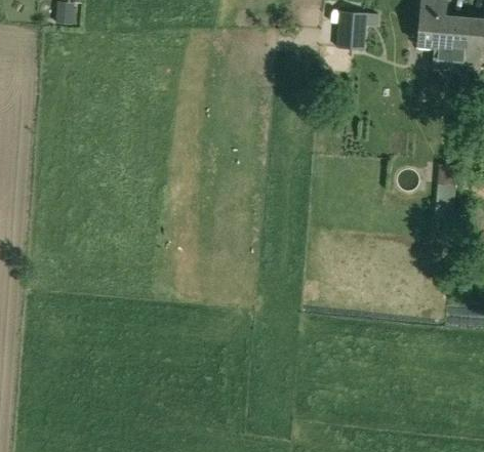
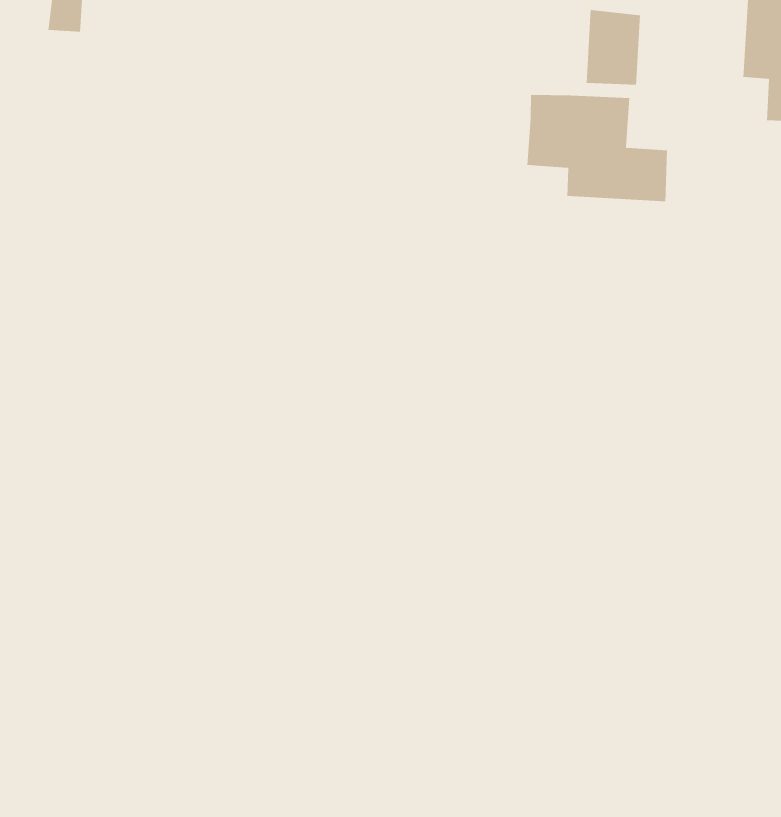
building: none -> [527,94,668,202]

